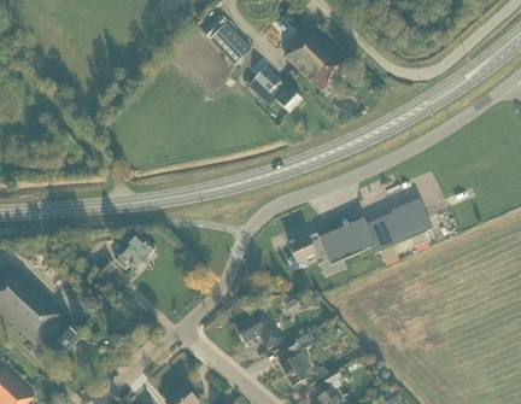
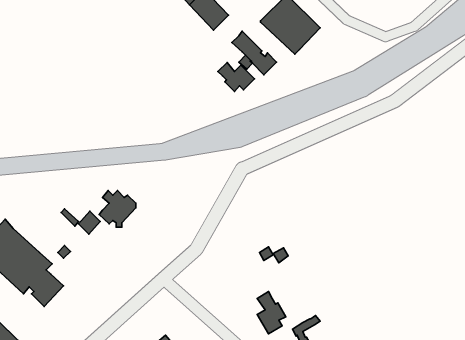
building: none -> [218,62,255,91]
building: [288,199,433,277] -> none
building: [238,309,281,347] -> none

